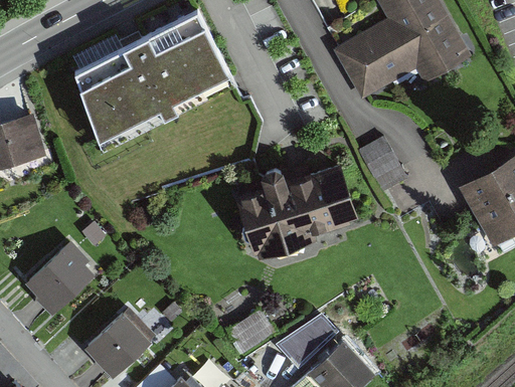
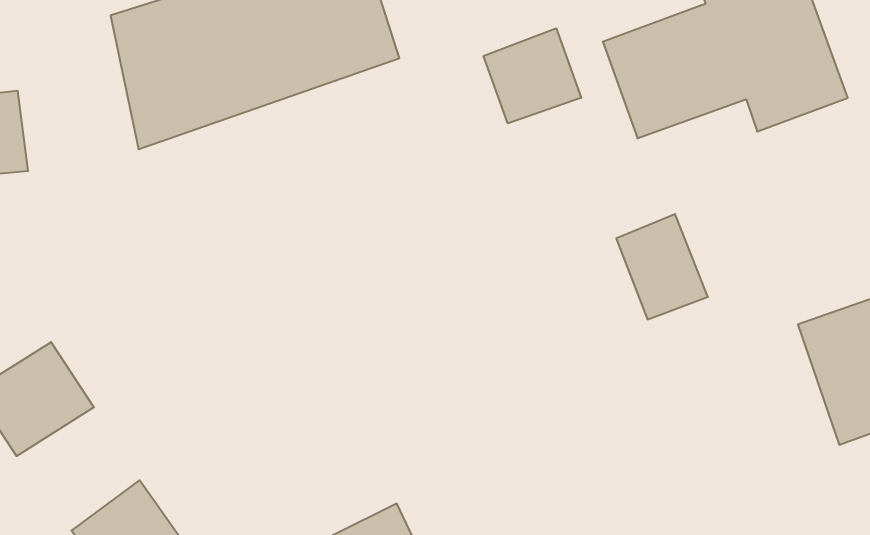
building: none -> [484,28,581,123]
building: [229,164,352,259] -> none

